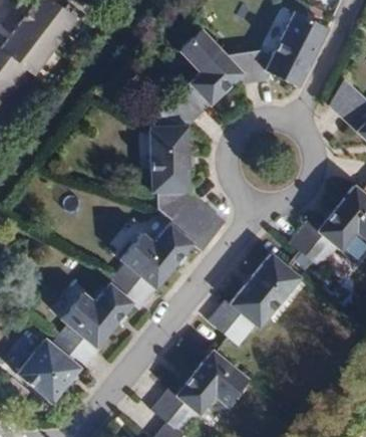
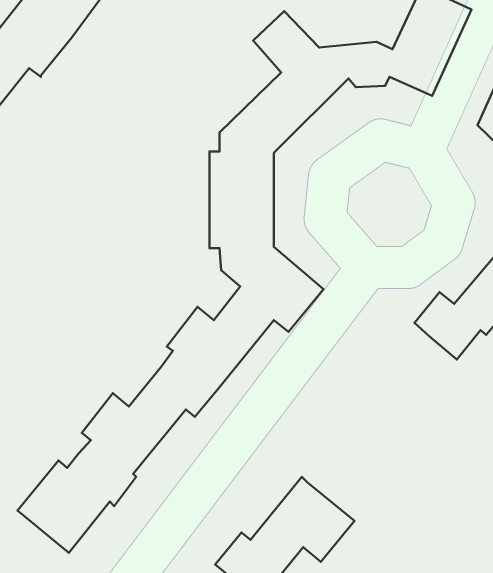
building: [211,253,300,344] -> none

